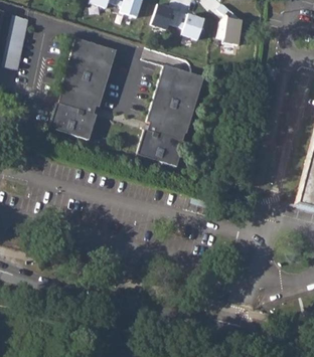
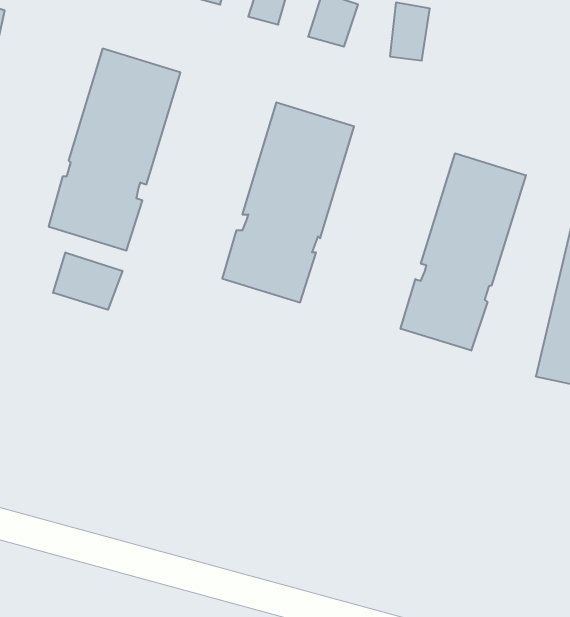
building: none -> [401,153,526,351]
building: none -> [53,252,122,310]

